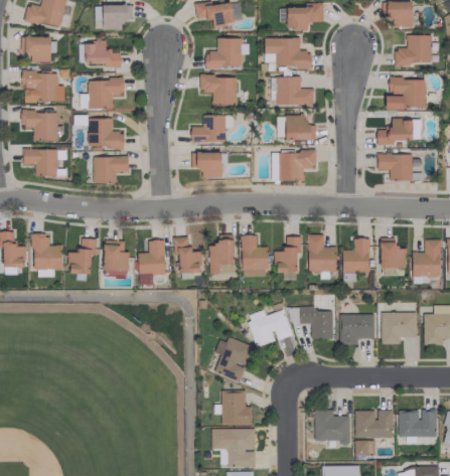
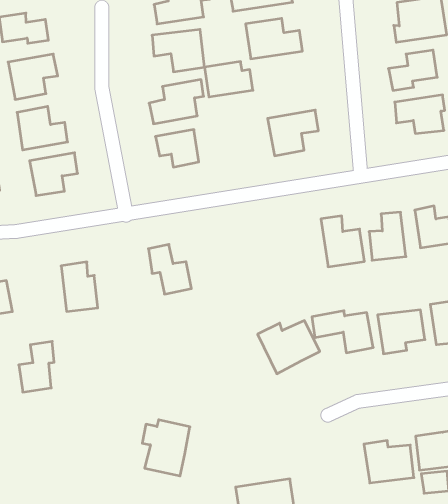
building: [277,116,311,139] -> [204,62,253,97]
building: [209,234,235,274] -> none
building: [242,234,268,277] -> none
building: [275,236,301,273] -> none
building: [68,239,97,274] -> [19,341,54,392]
building: [138,241,165,285] -> none
building: [213,337,253,382] -> [142,420,190,476]
building: [221,390,252,425] -> none

